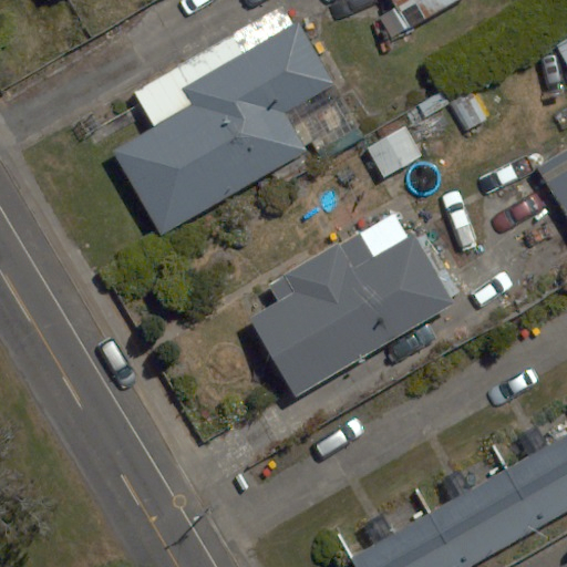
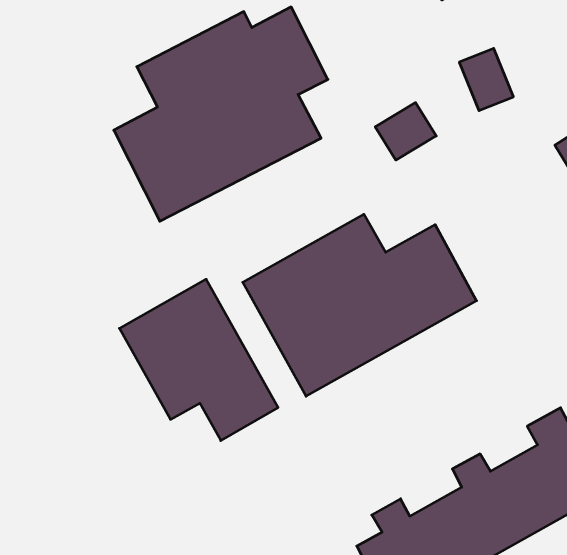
building: none -> [119,279,278,441]

